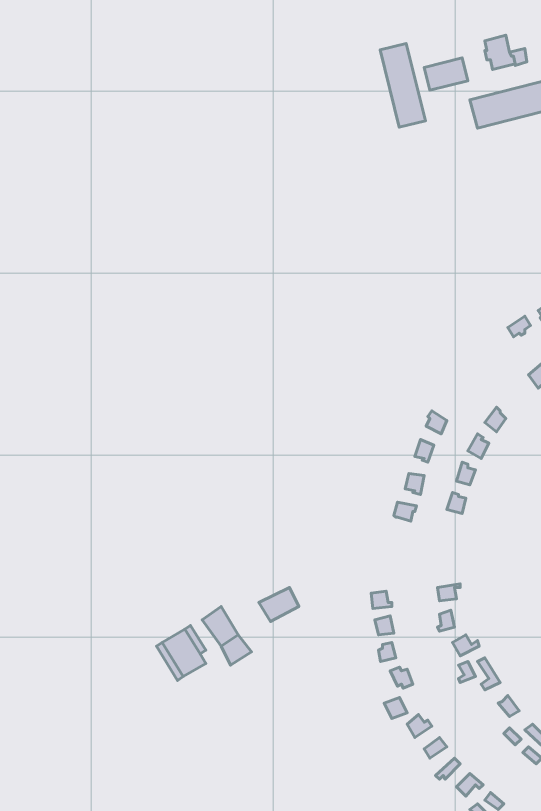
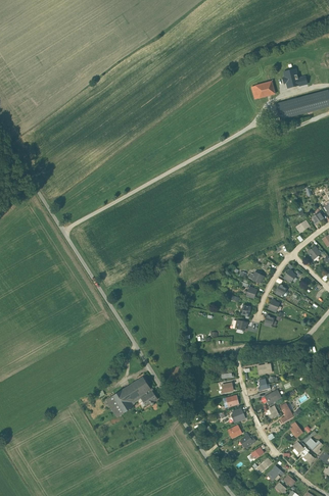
building: [380,44,426,127] -> none

